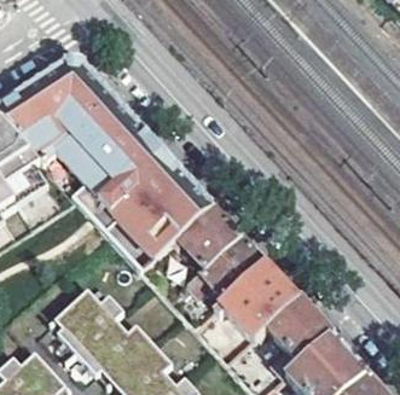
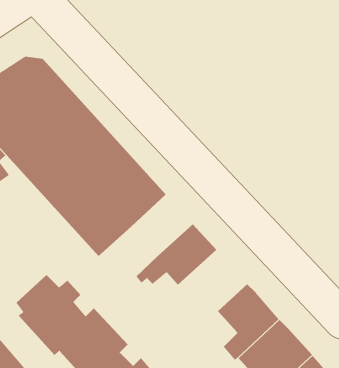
building: [176,204,240,268] -> none
building: [221,262,297,338] -> none

